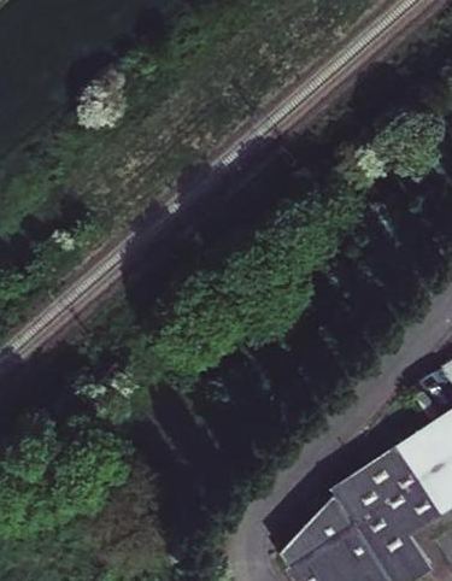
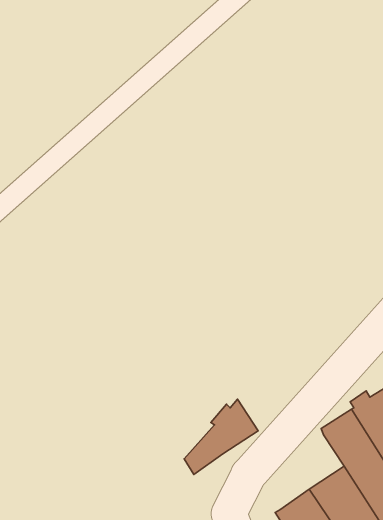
building: [298,482,371,557] -> [184,399,258,475]

